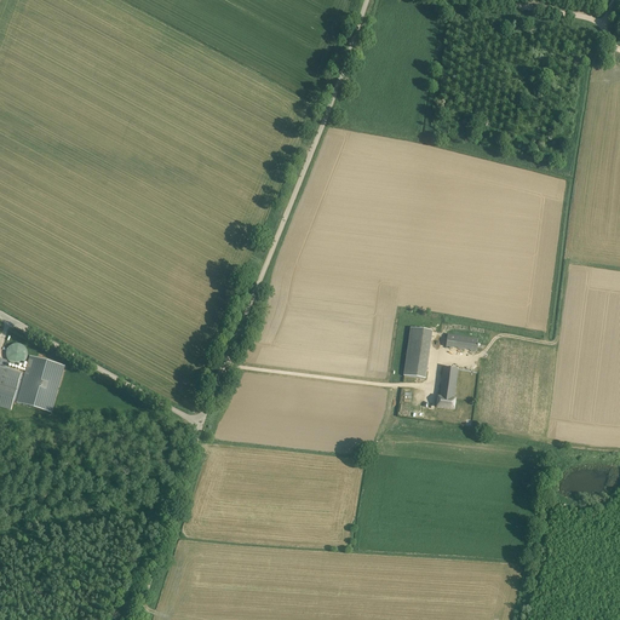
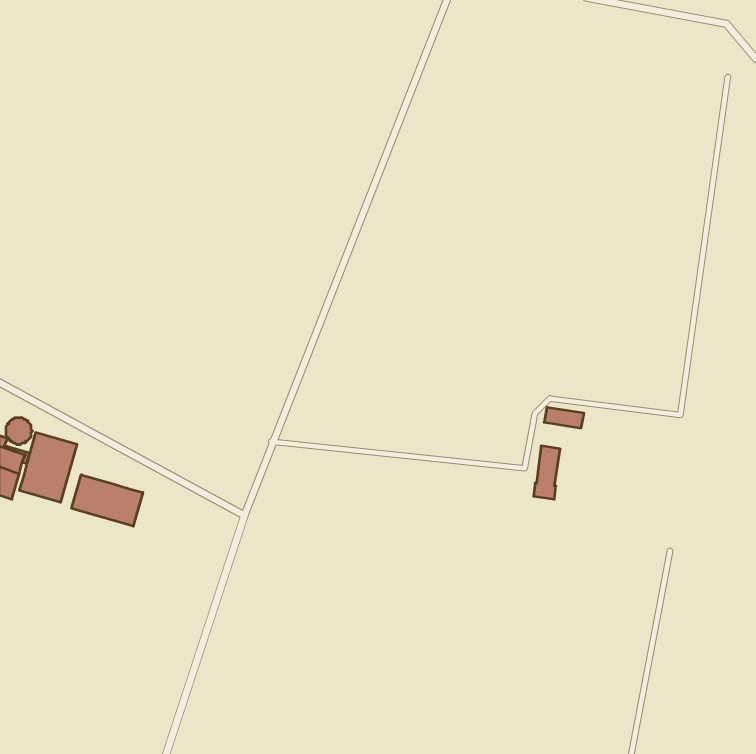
building: [403,326,432,377] -> none
building: none -> [72,475,143,526]

